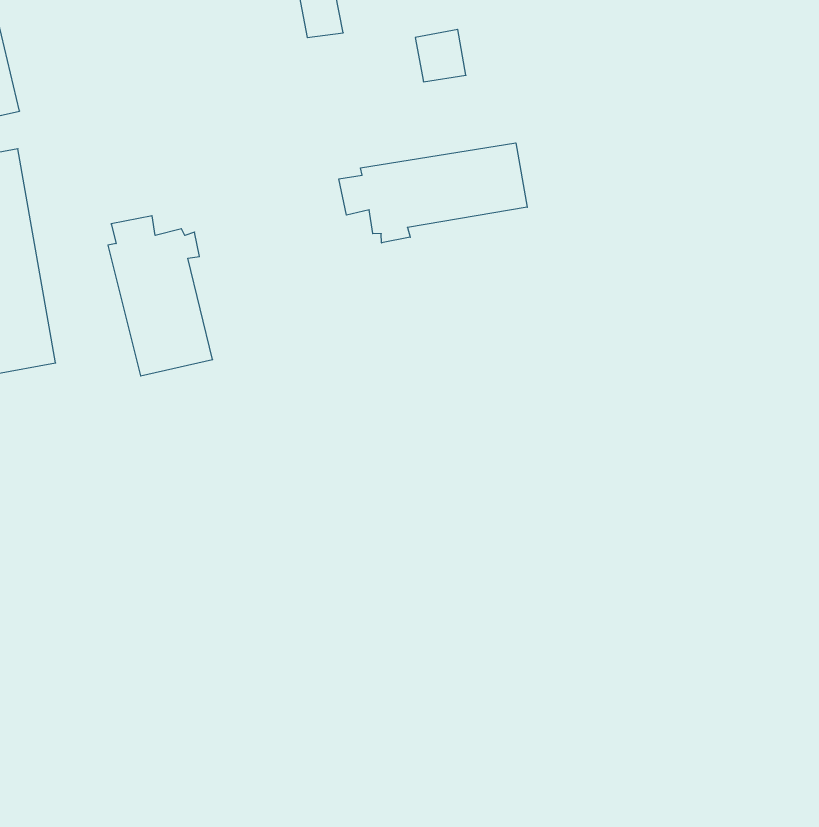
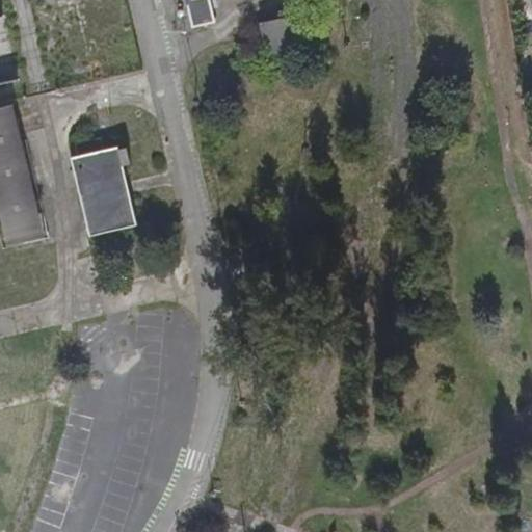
building: [339,143,527,243] -> none

